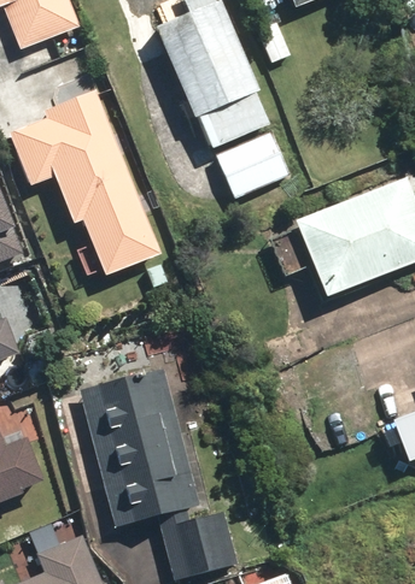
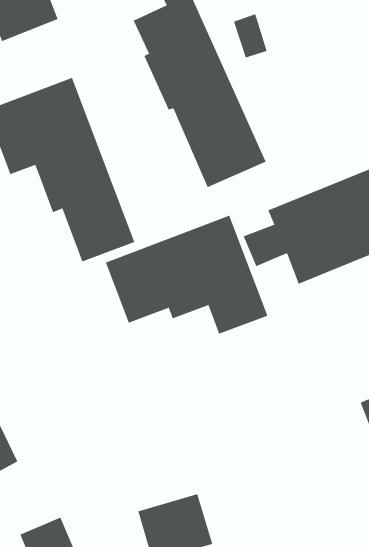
building: none -> [105,215,268,334]
building: [78,366,201,526] -> none

